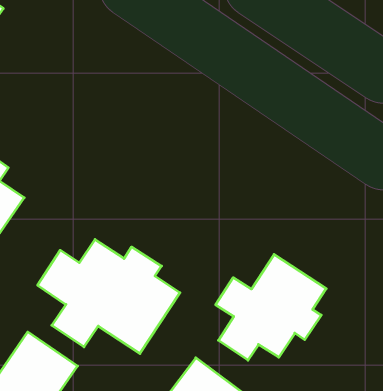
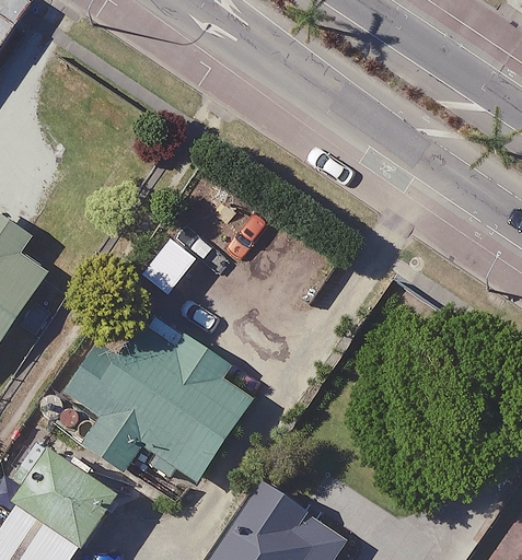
building: [216,254,326,360] -> none

